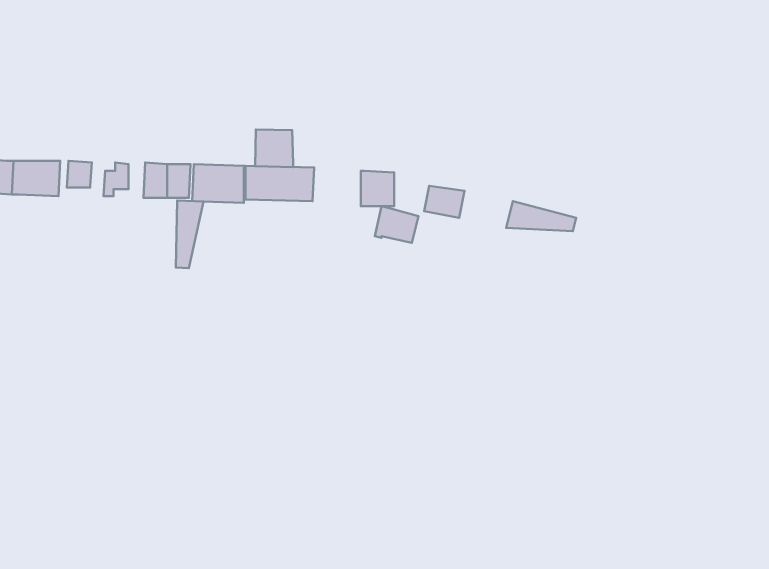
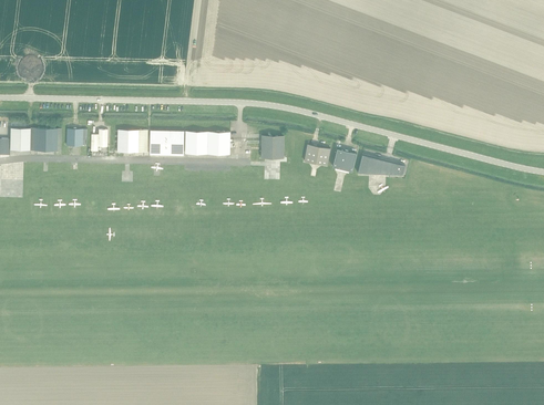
building: [255,129,293,167] -> none
building: [176,201,203,268] -> none
building: [375,206,418,243] -> [328,147,357,172]

